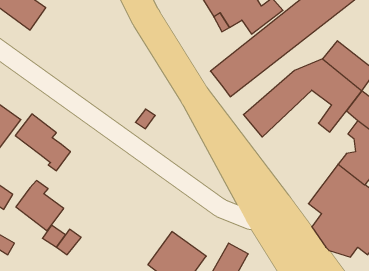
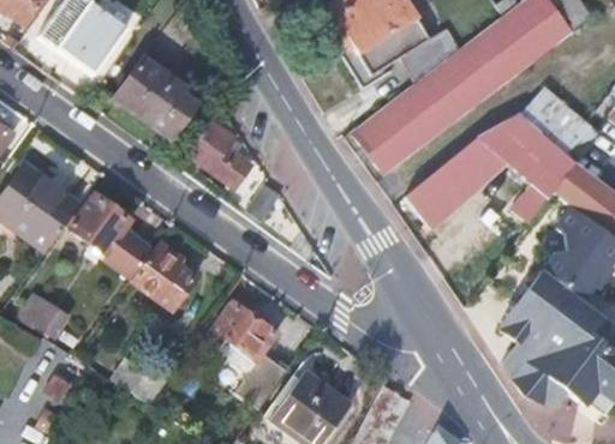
building: none -> [119,56,205,136]
building: none -> [186,120,252,190]
building: [16,181,64,231] -> [131,241,201,314]
building: none -> [213,302,286,410]

